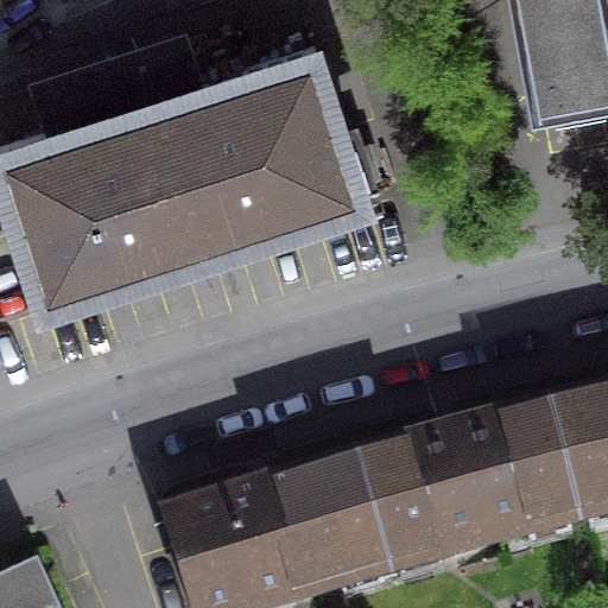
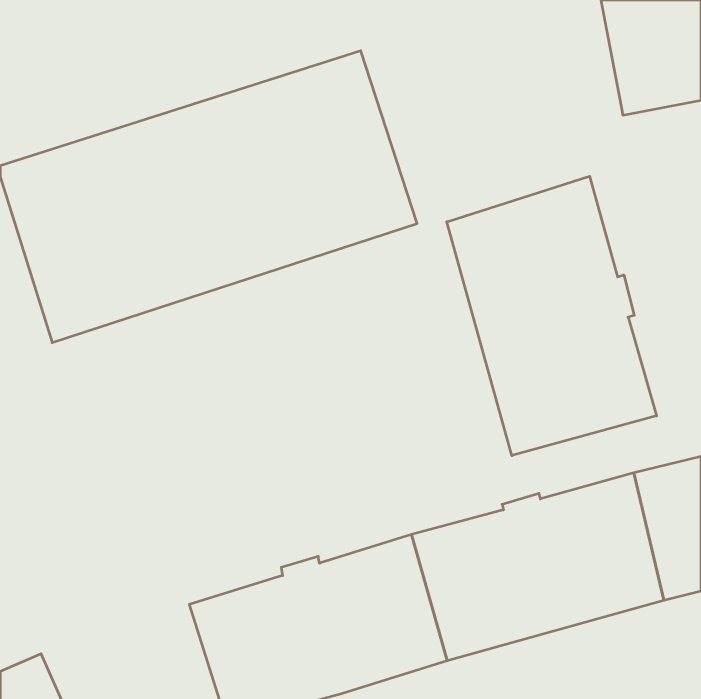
building: none -> [447,176,657,456]

